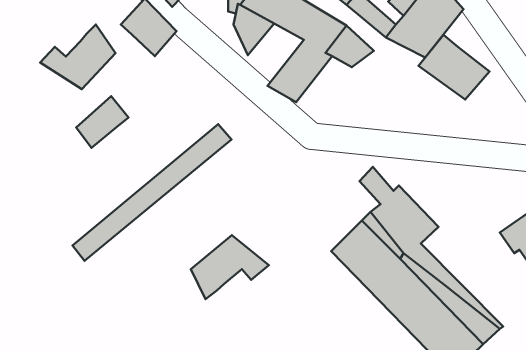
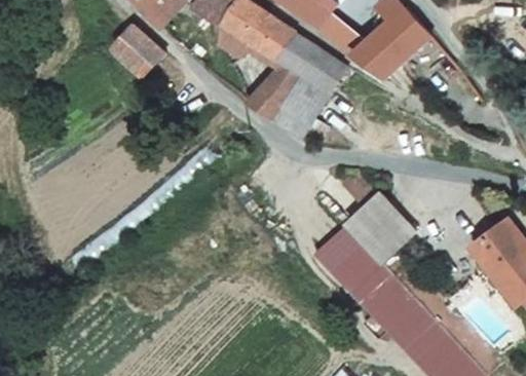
building: [40,25,116,89] -> none
building: [418,35,489,100] -> none
building: [76,96,128,148] -> none
building: [191,235,269,299] -> none

